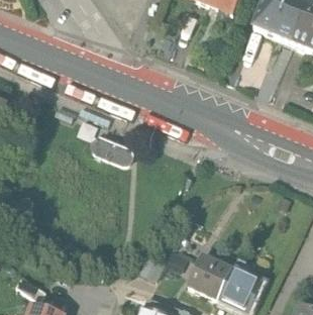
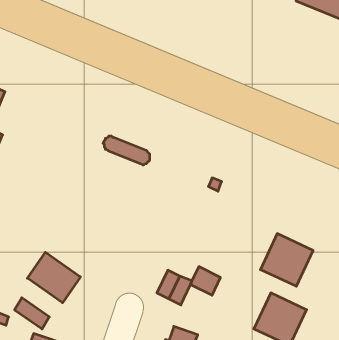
building: none -> [27,252,80,303]
building: [187,255,231,300] -> [260,234,313,286]

